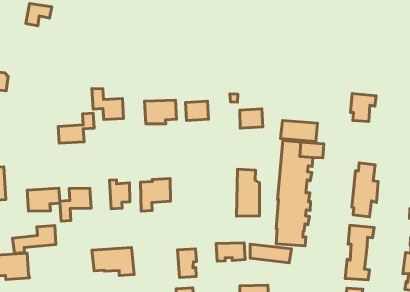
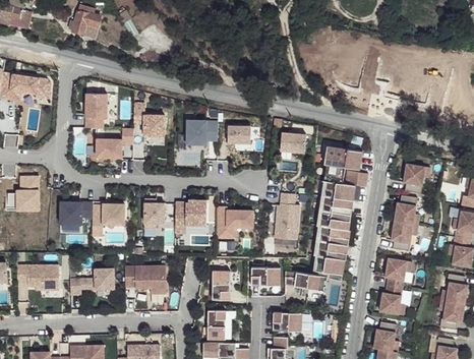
building: none -> [85,93,107,127]
building: [350,93,376,121] -> [404,163,431,192]
building: none -> [219,203,255,235]
building: [13,226,56,253] -> [69,270,113,295]

